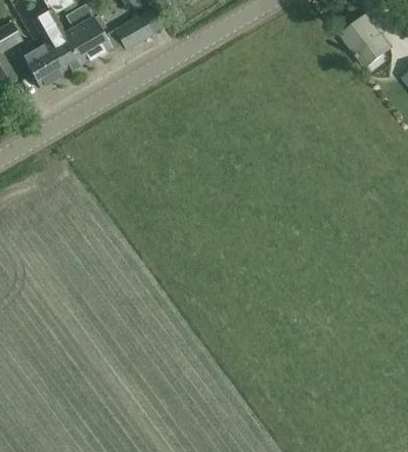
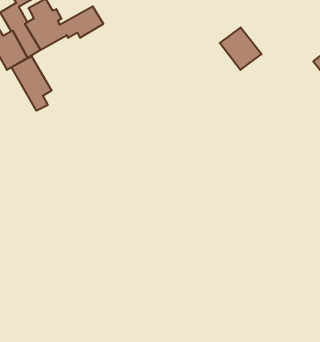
building: [341,14,390,64] -> [220,27,262,70]
building: none -> [12,56,52,111]

